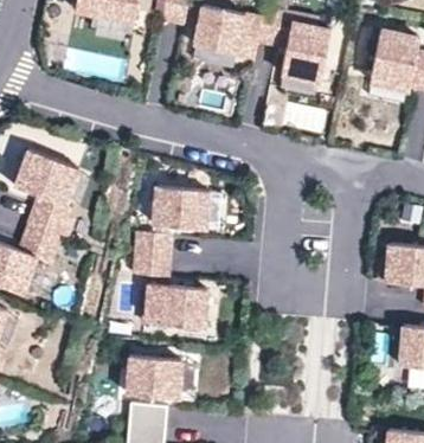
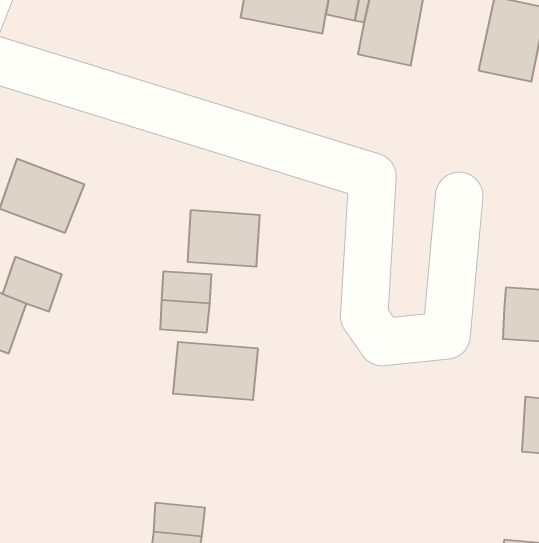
building: [27,194,72,235] -> none
building: [127,355,181,398] -> none

